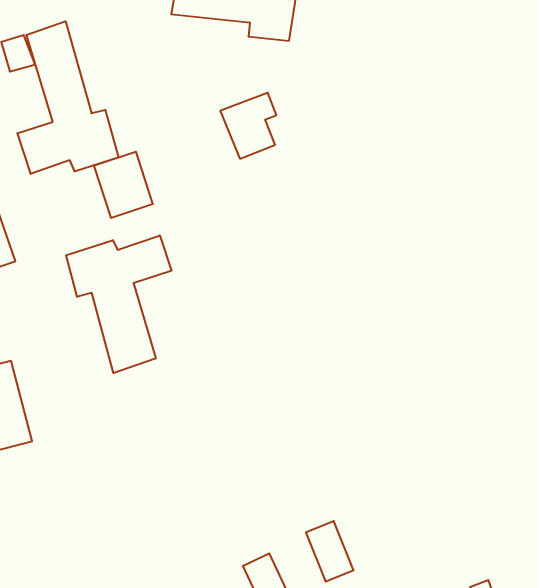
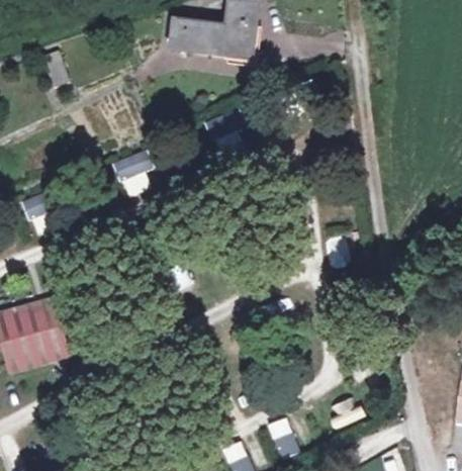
building: [17,21,118,174] -> none
building: [66,235,171,373] -> none

